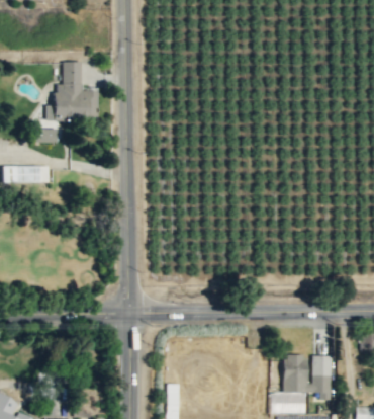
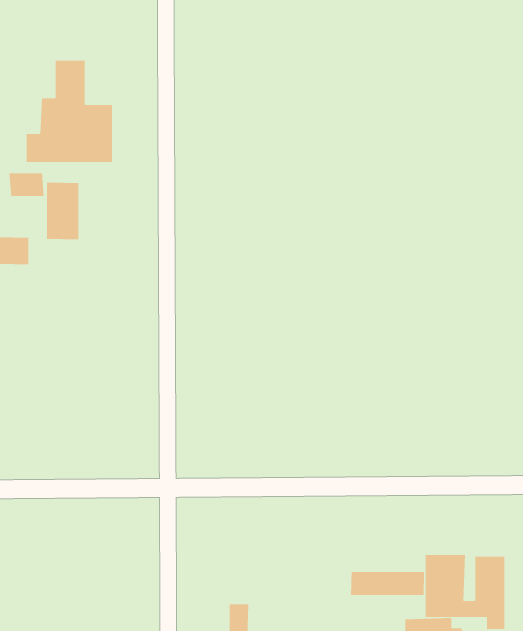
building: none -> [47,182,79,240]
building: none -> [350,571,425,596]

